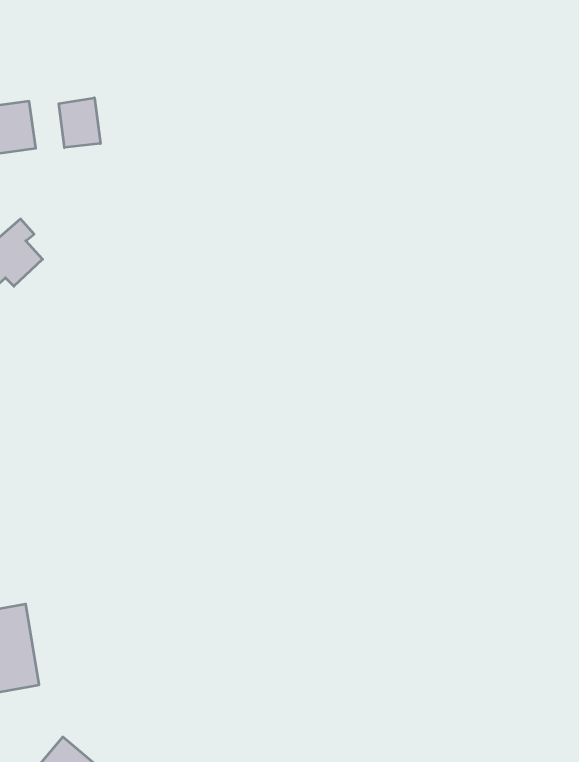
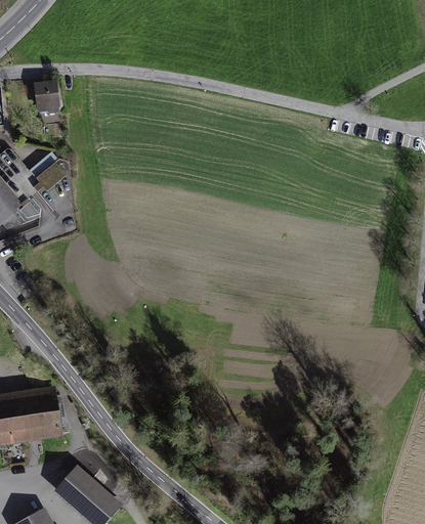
building: [59,98,100,148] -> none

